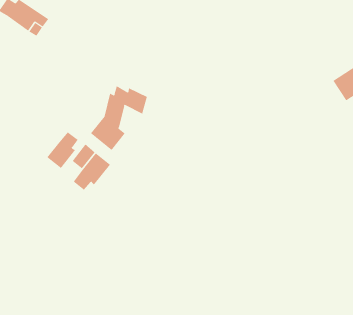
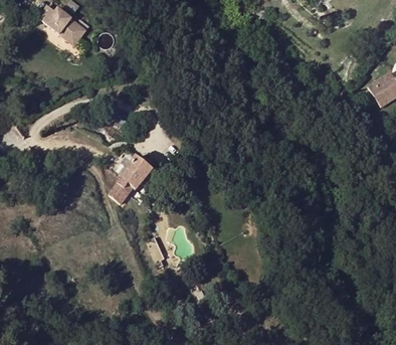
building: [90,85,148,151] -> none
building: [47,131,78,169] -> none

